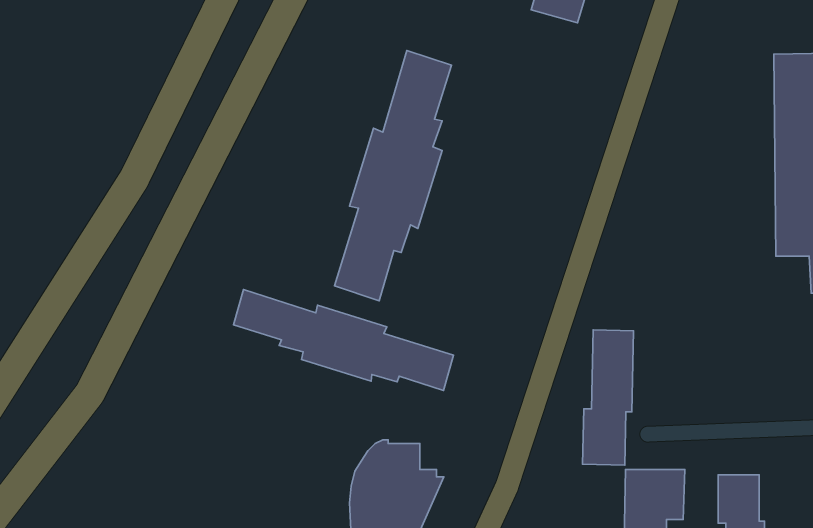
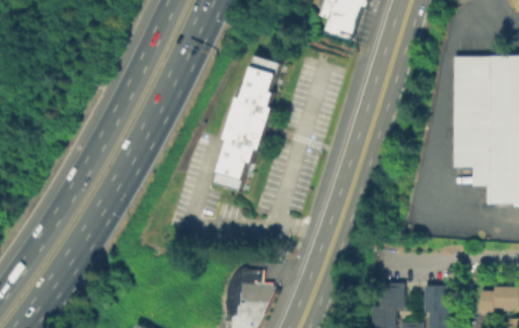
building: [233,290,454,390] -> none
building: [583,330,633,465] -> none

